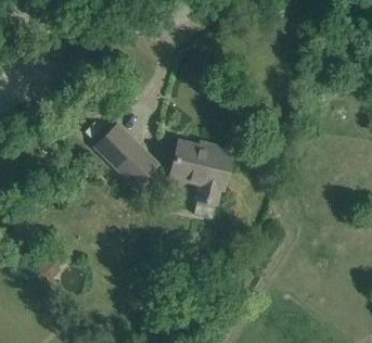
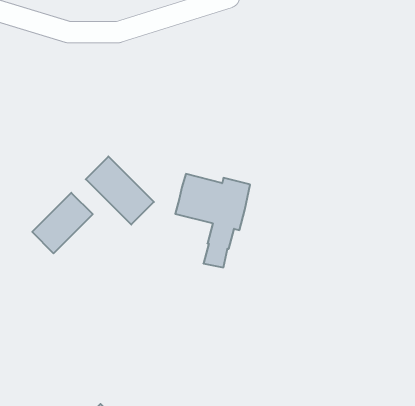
building: none -> [32,193,93,253]

